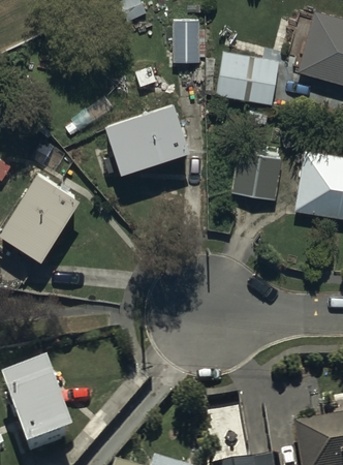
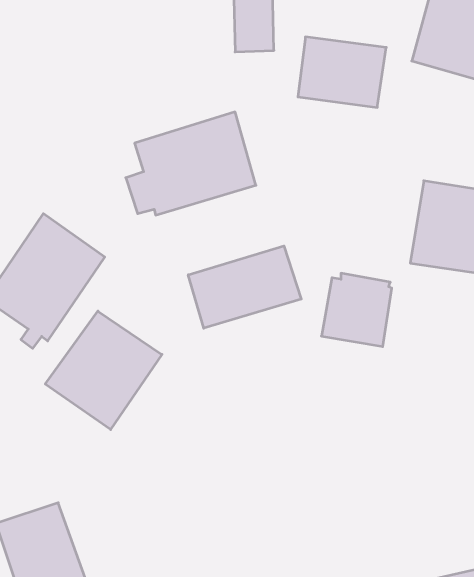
building: [232,148,281,198] -> [321,273,392,347]
building: none -> [188,246,301,328]
building: none -> [45,311,162,430]

